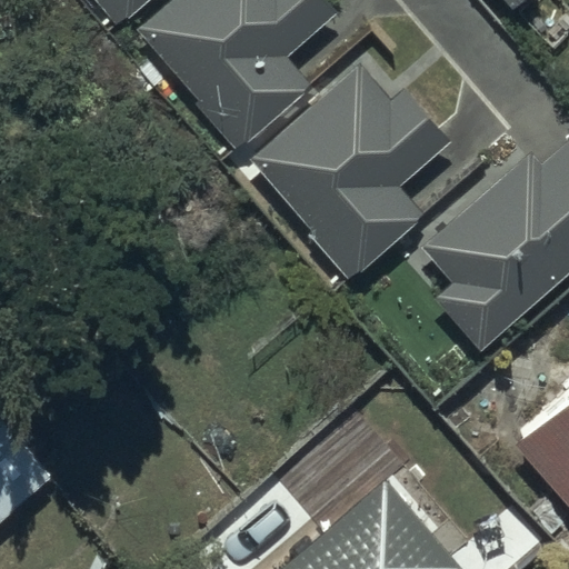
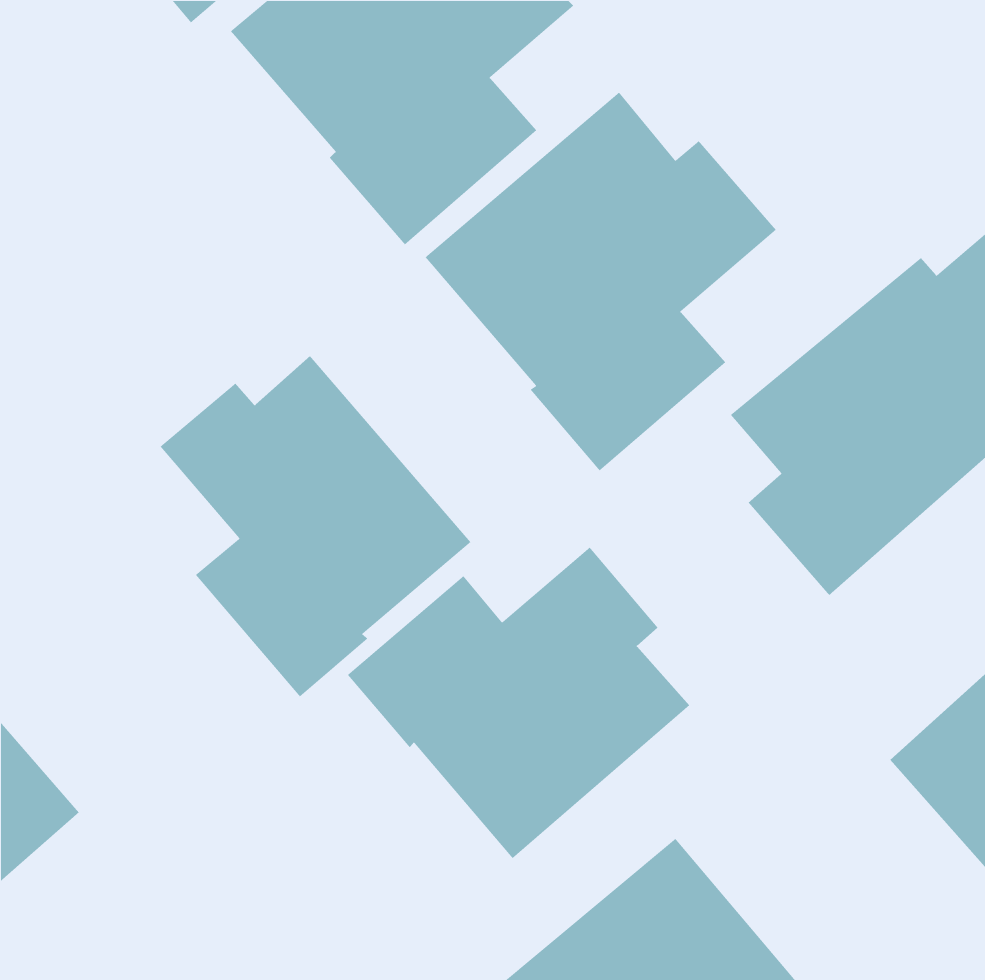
building: none -> [160,355,471,698]
building: none -> [347,546,690,859]

